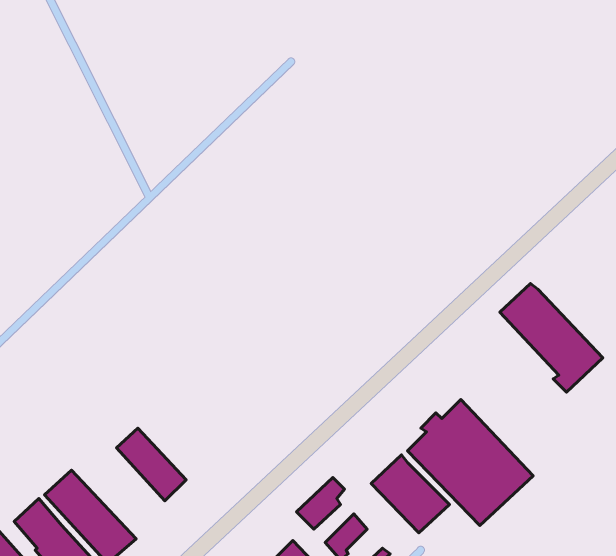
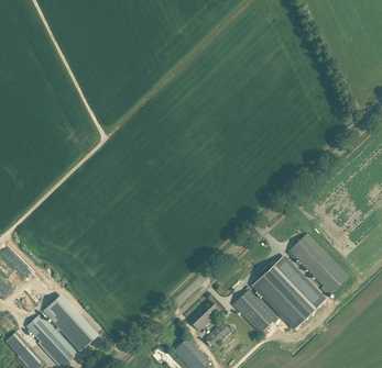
building: [500,284,603,392] -> [290,234,349,297]
building: [117,428,186,501] -> none

